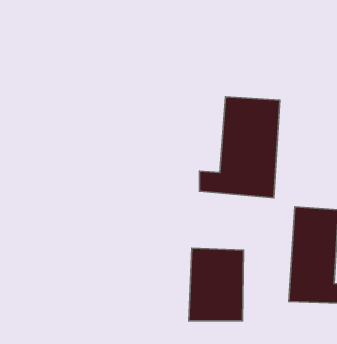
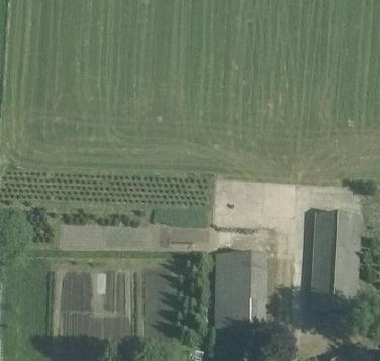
building: [199,97,280,198] -> none

